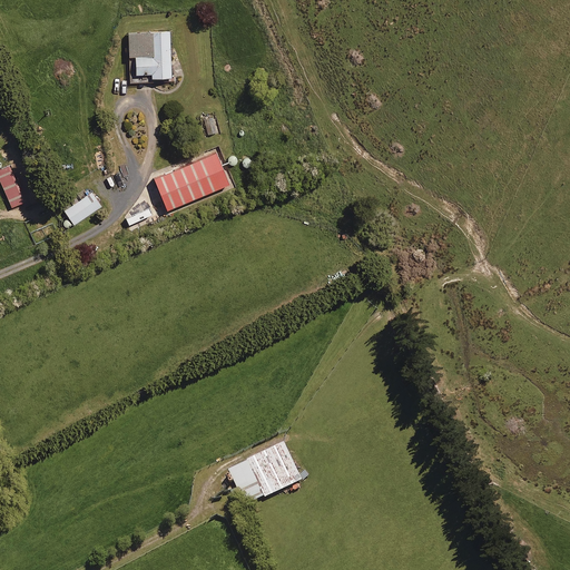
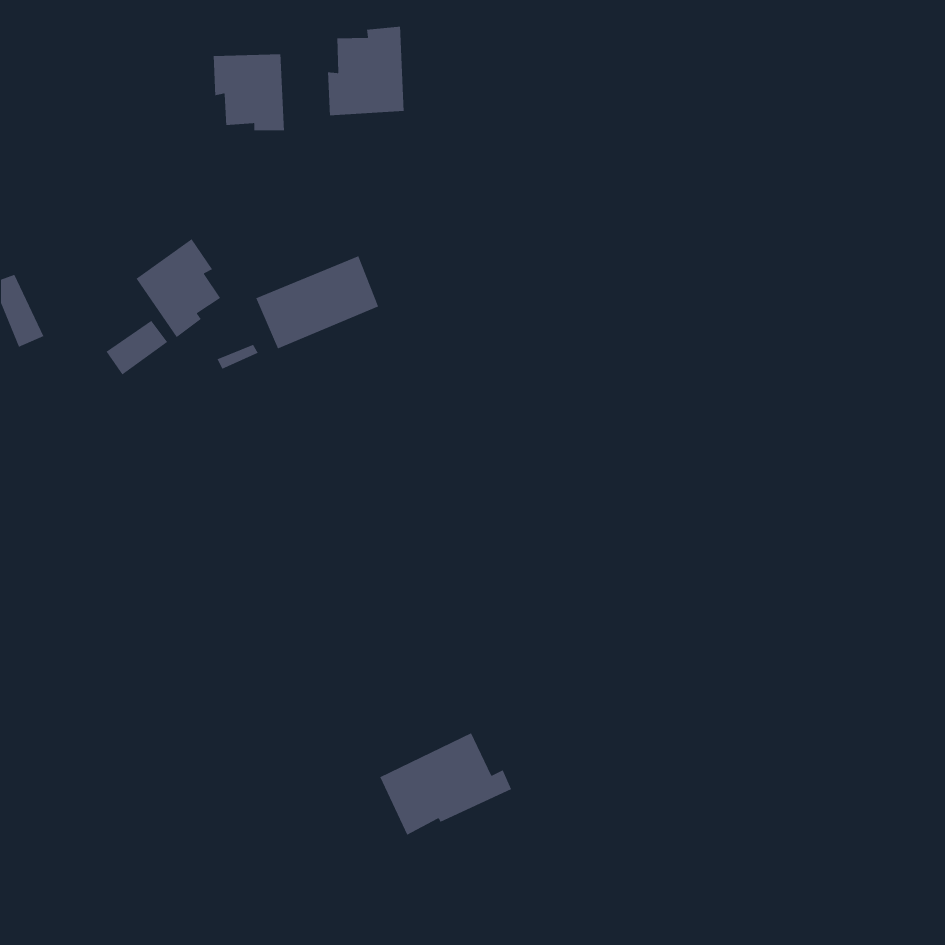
building: none -> [327,26,405,116]
building: none -> [136,238,221,338]

